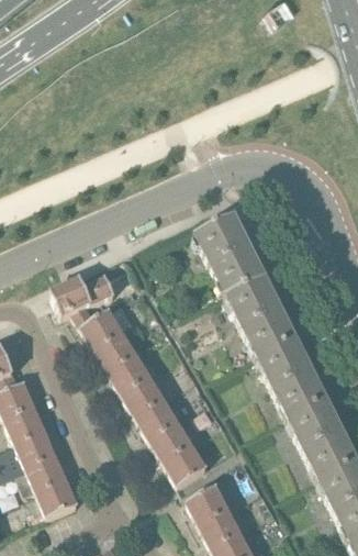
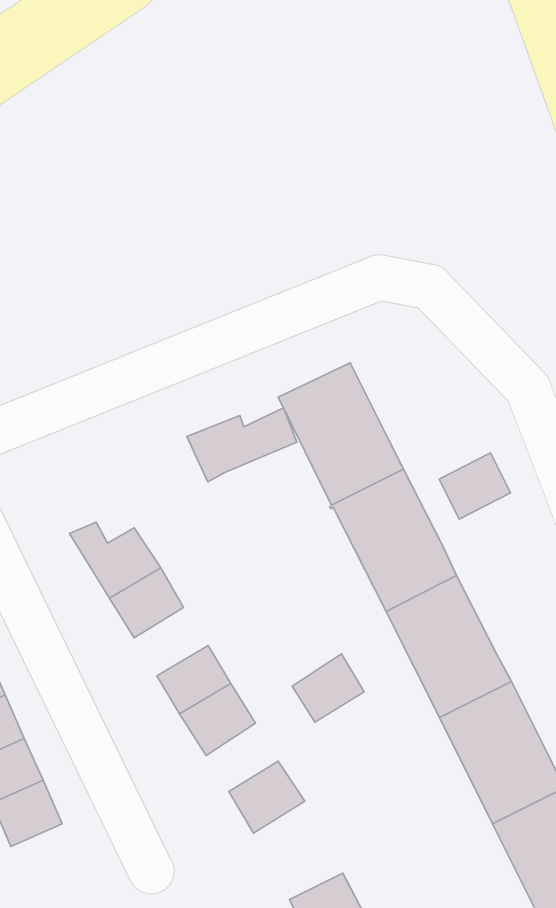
building: none -> [439,453,510,519]
building: [49,275,113,318] -> [187,408,297,482]
building: [109,355,152,394] -> none
building: [150,422,192,462] -> [292,654,364,722]
building: [37,480,77,516] -> none
building: [186,485,230,524] -> none

